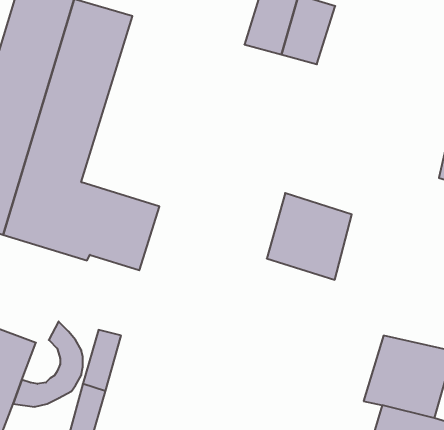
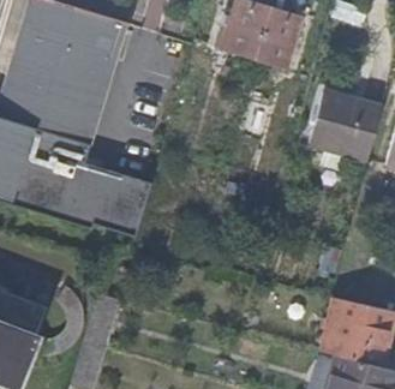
building: [267,193,352,280] -> [306,88,378,161]

